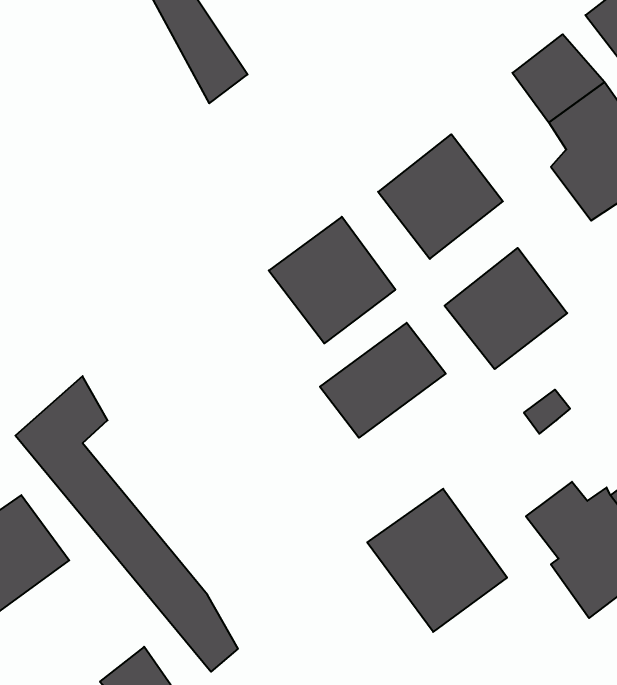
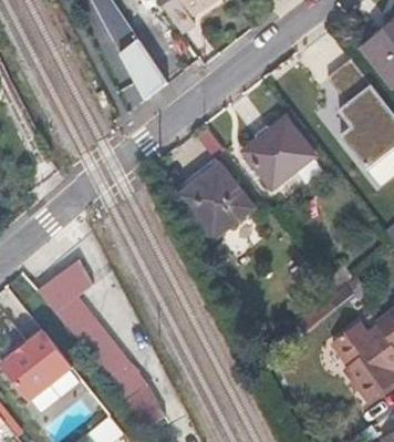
building: [445,248,567,369] -> none
building: [320,323,446,438] -> none
building: [367,489,507,632] -> none

